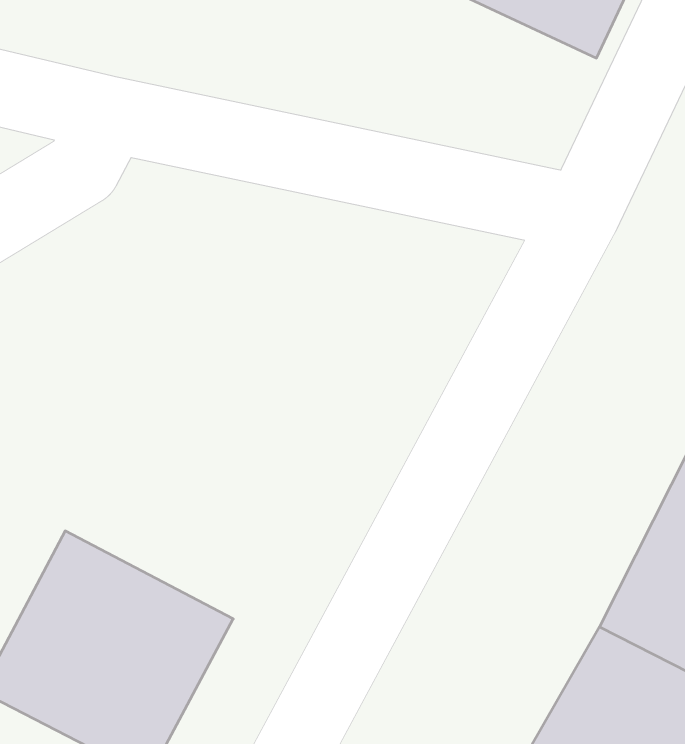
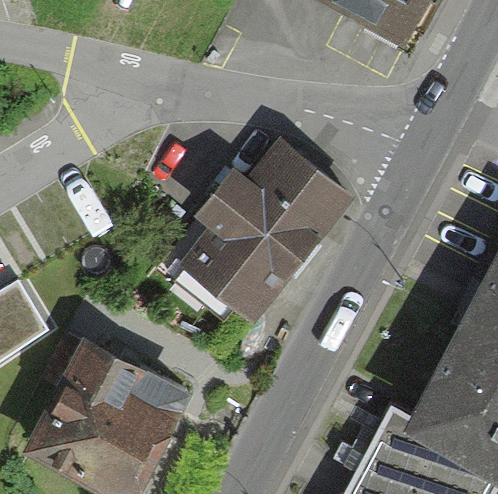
building: none -> [195,136,354,311]

